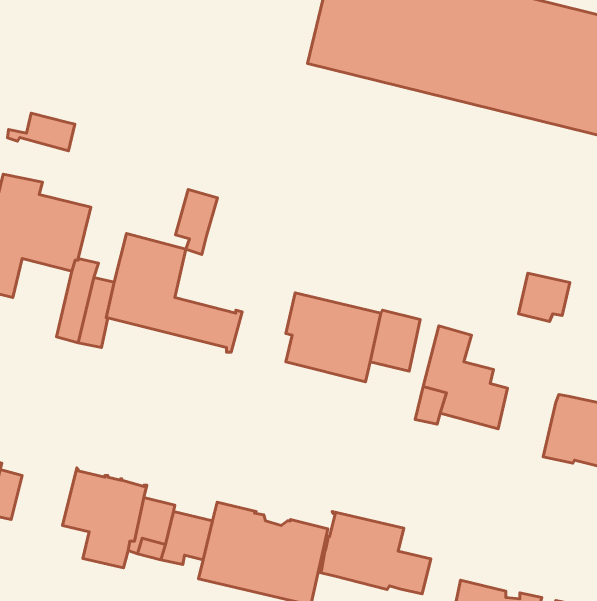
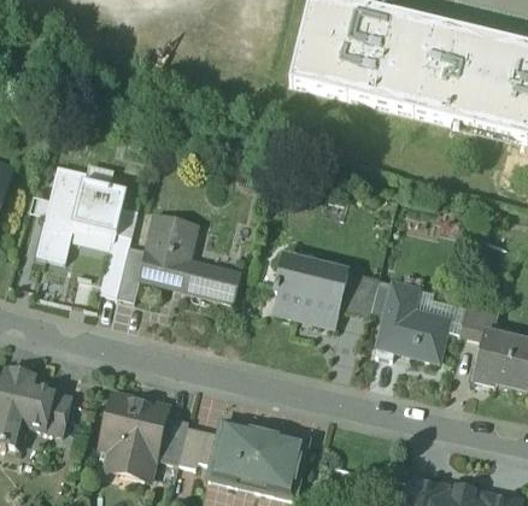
building: [7,113,75,151] -> none
building: [175,190,217,255] -> none
building: [518,273,570,322] -> [459,305,499,342]
building: [318,511,431,594] -> none

